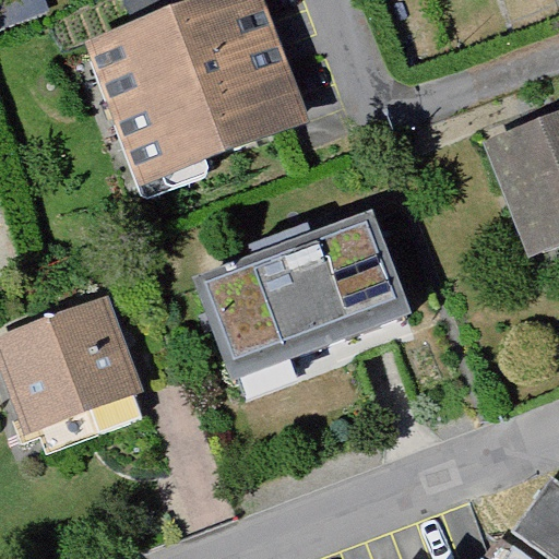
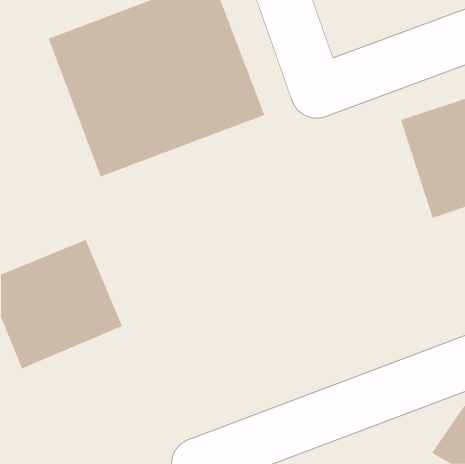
building: [191,216,408,401] -> none

